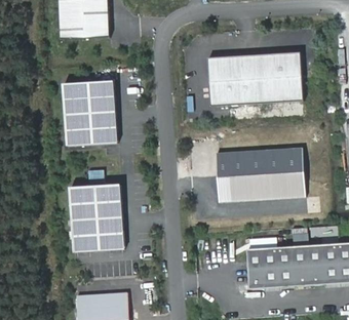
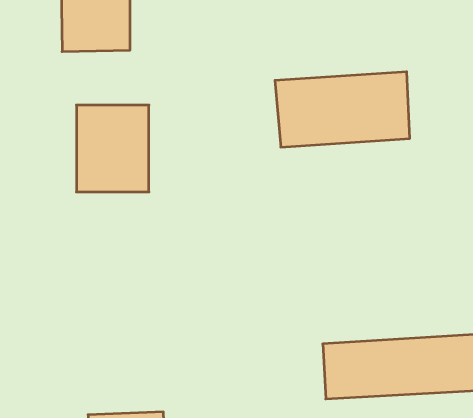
building: [209,142,299,195] -> none
building: [71,185,127,251] -> none

